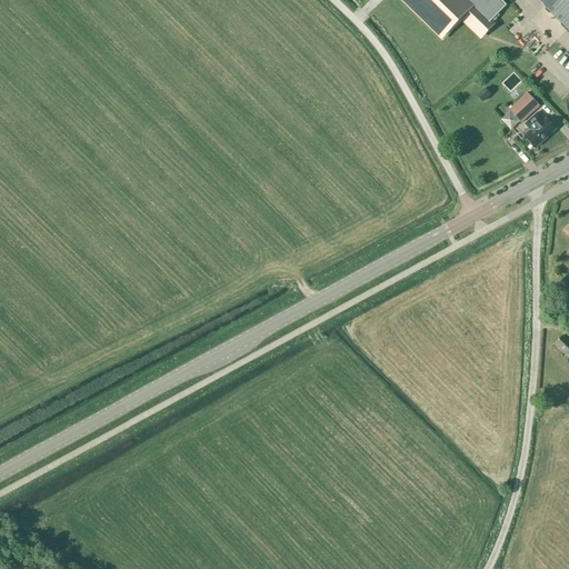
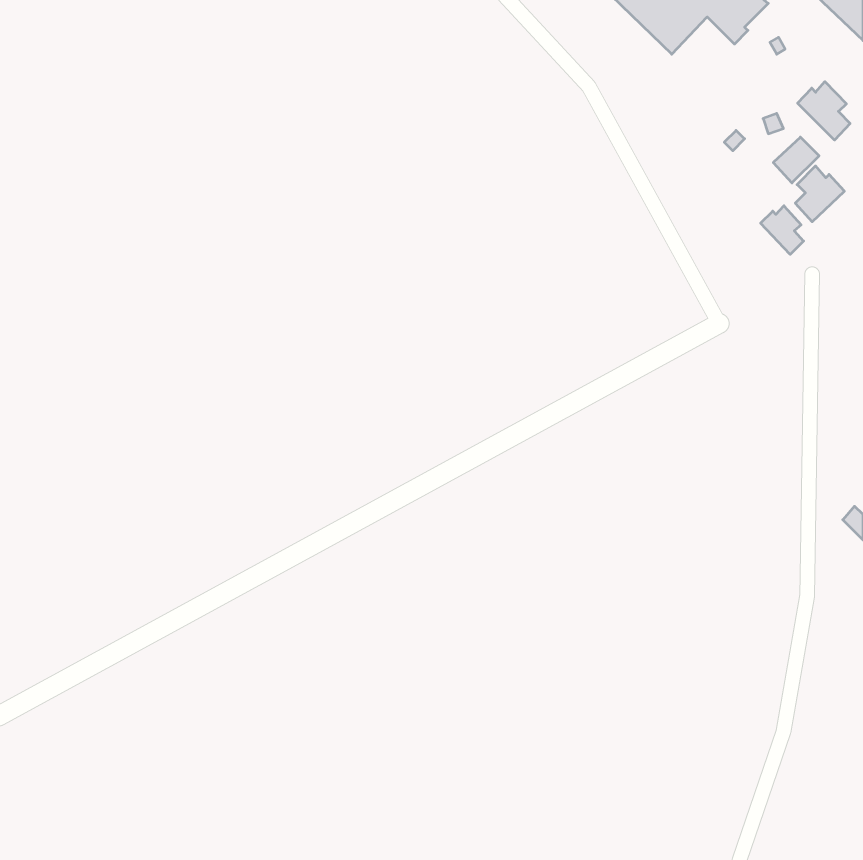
building: none -> [798,82,850,140]
building: none -> [761,206,804,254]

